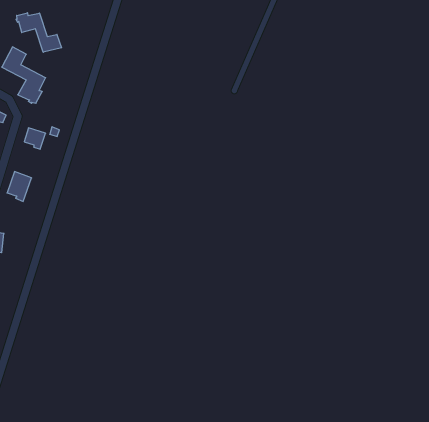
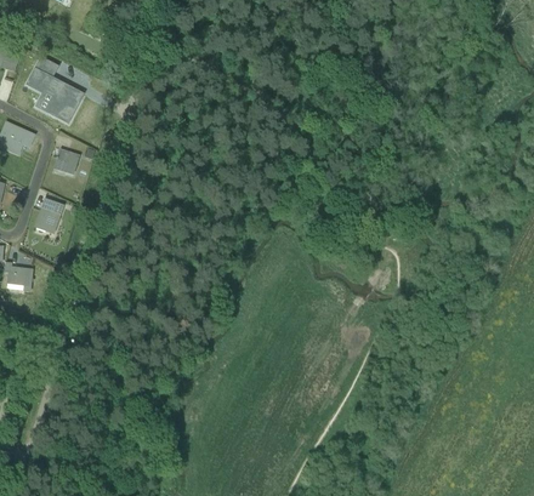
building: [16,13,62,52] -> none

